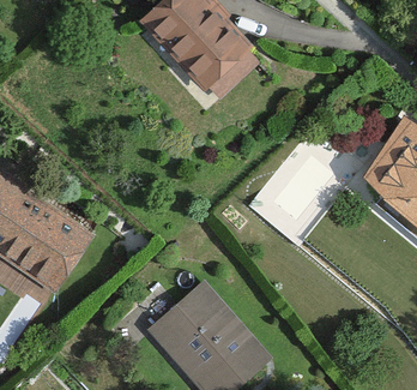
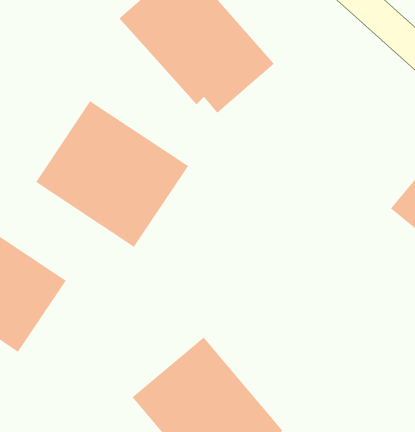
building: none -> [35,100,189,248]

